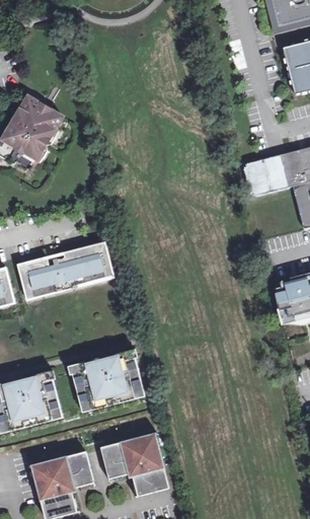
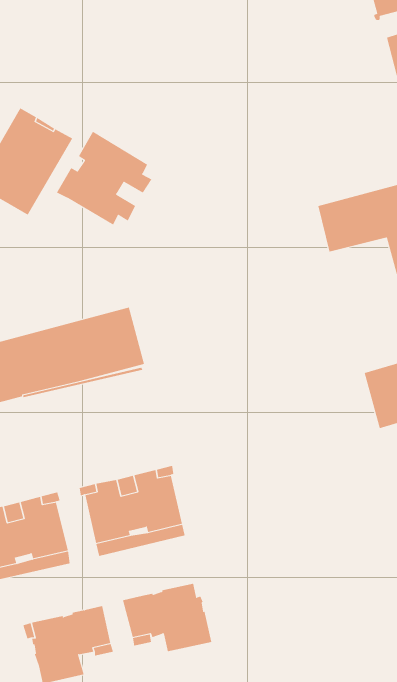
building: none -> [56,131,152,225]

